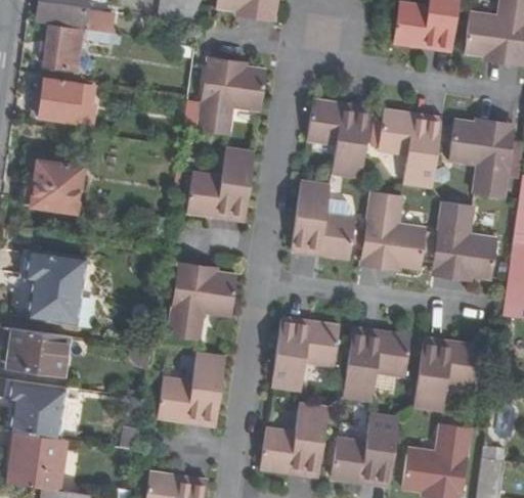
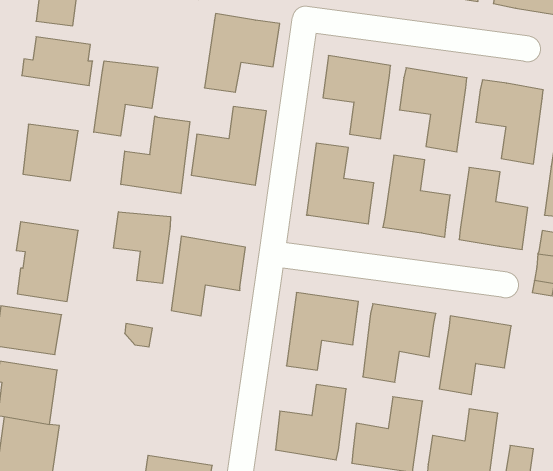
building: none -> [94,61,158,136]
building: none -> [121,116,190,194]
building: none -> [113,212,171,283]
building: [156,352,224,425] -> none

